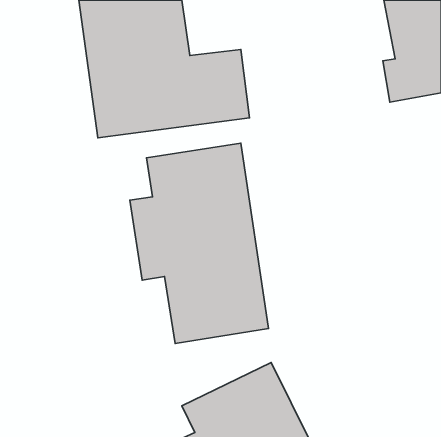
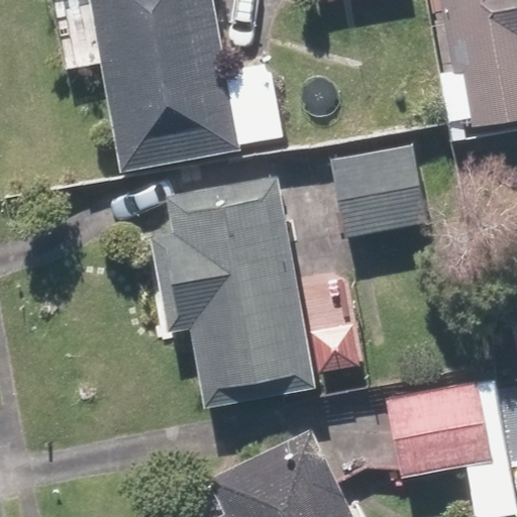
building: none -> [332,144,426,237]
building: none -> [387,382,499,474]

